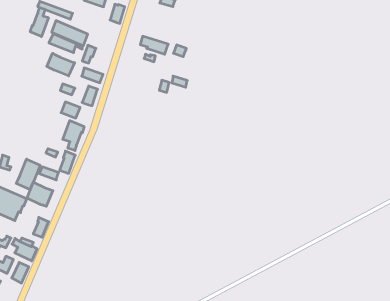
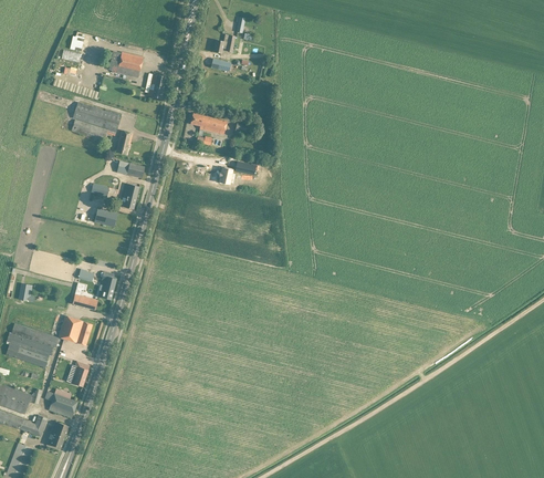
building: [30,8,48,37] -> none
building: [47,53,75,76] -> none
building: [63,121,84,151] -> none
building: [16,159,40,190] -> none

